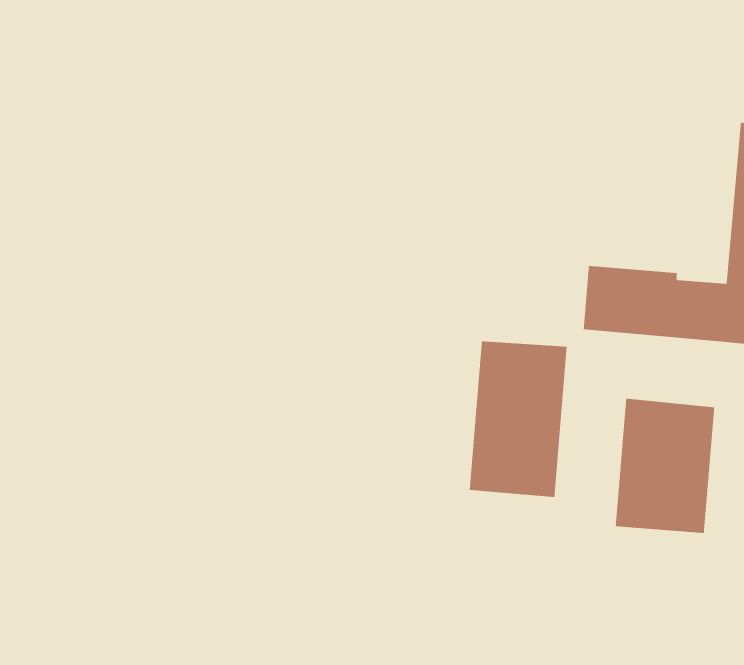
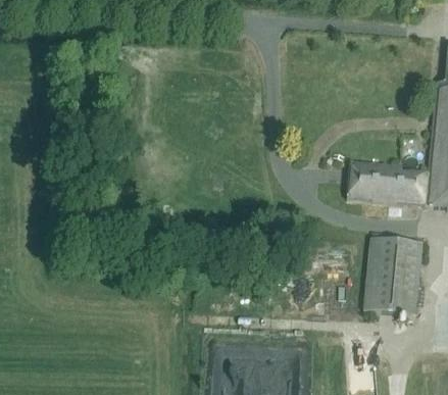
building: [469,341,568,498] -> none

